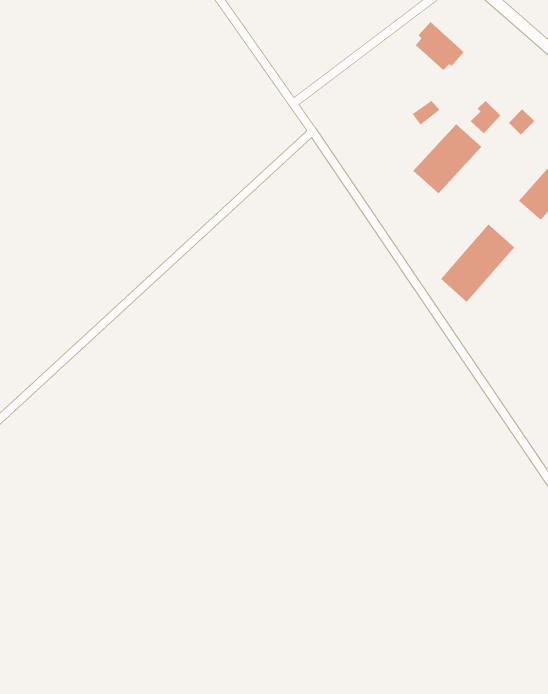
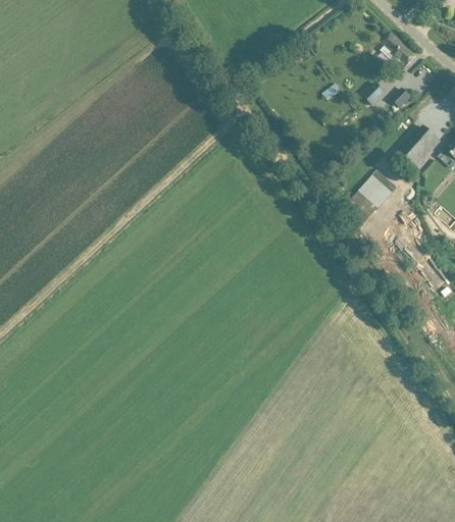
building: [415,21,465,71] -> [380,33,415,68]
building: [413,124,482,194] -> none

